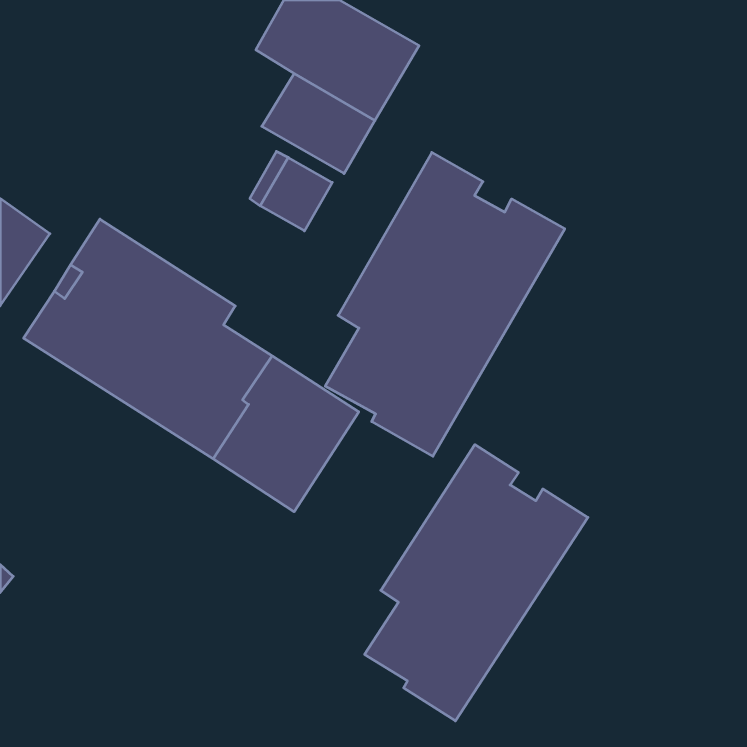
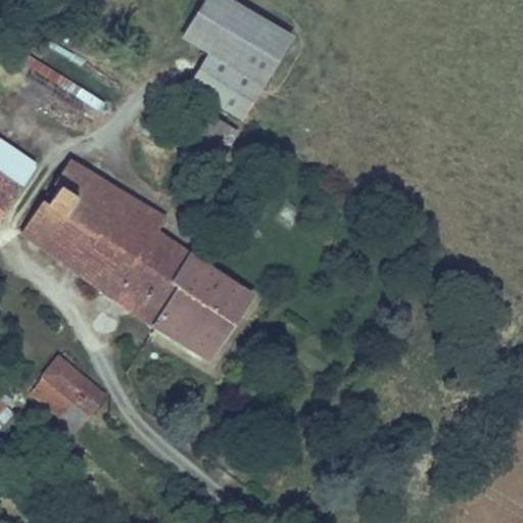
building: [325,152,565,456] -> none
building: [365,445,588,721] -> none
building: none -> [30,355,108,435]

